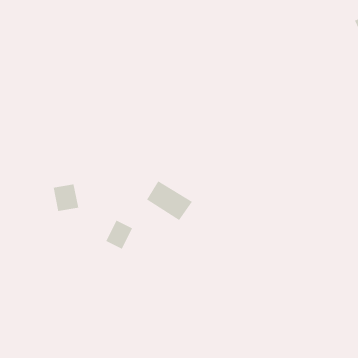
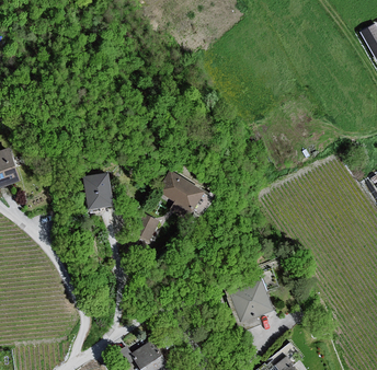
building: none -> [233,286,273,323]

